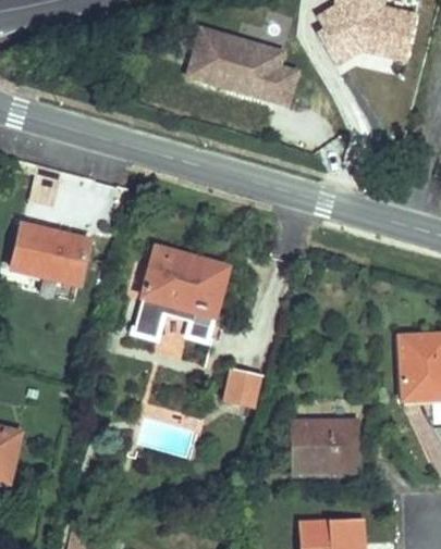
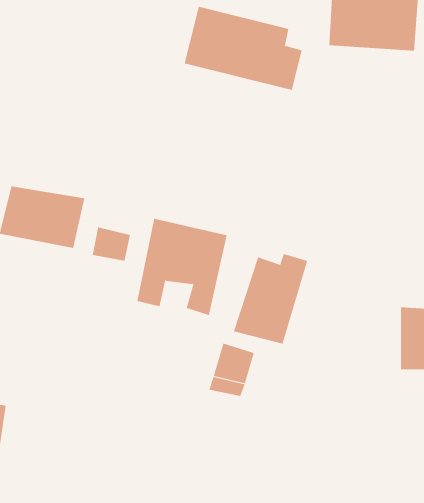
building: none -> [92,227,131,261]
building: none -> [233,253,308,344]
building: [287,419,352,475] -> none

